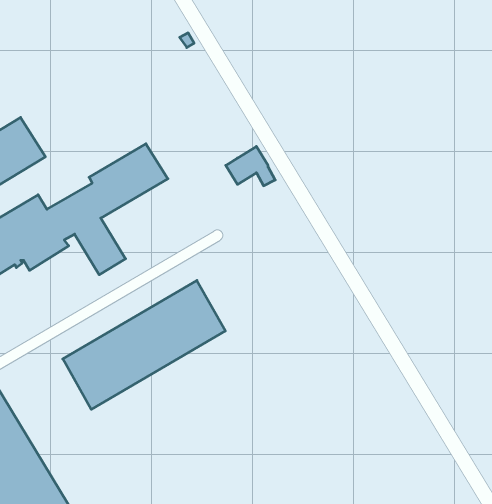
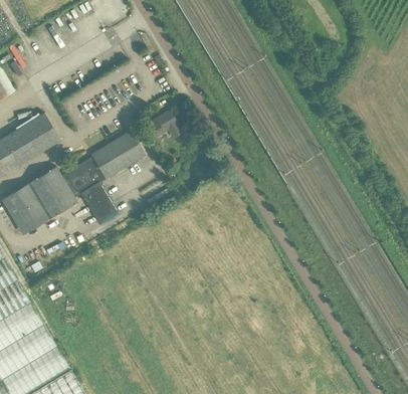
building: [226,146,275,186] -> [149,111,183,138]
building: [63,280,225,409] -> none

